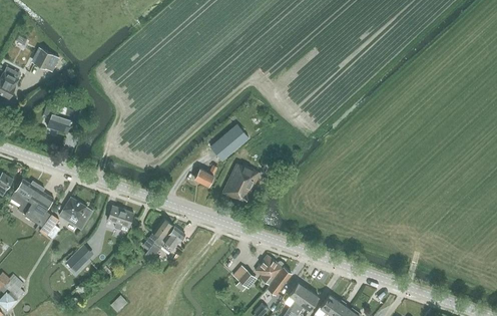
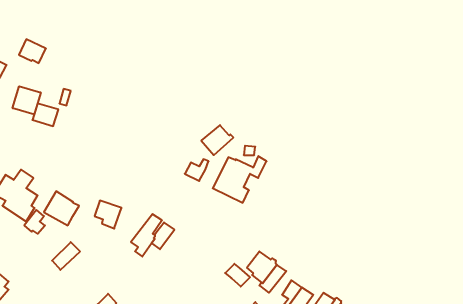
building: none -> [13,86,41,114]

